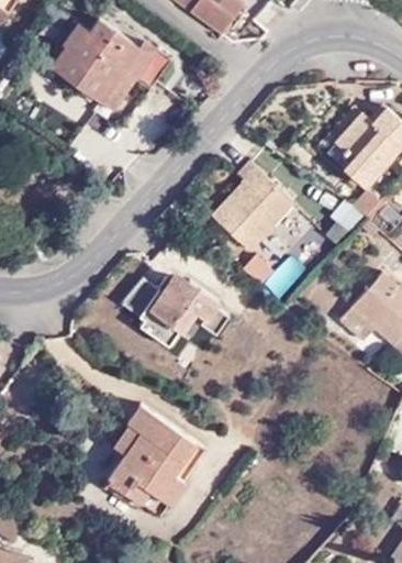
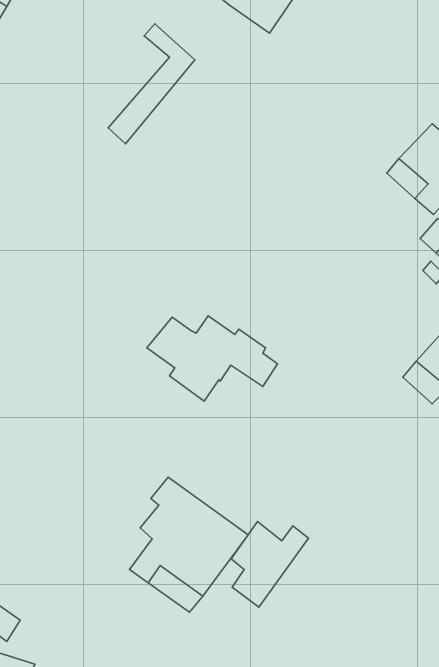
building: [48,24,144,115] -> none
building: [221,161,300,249] -> none
building: none -> [231,522,308,607]

